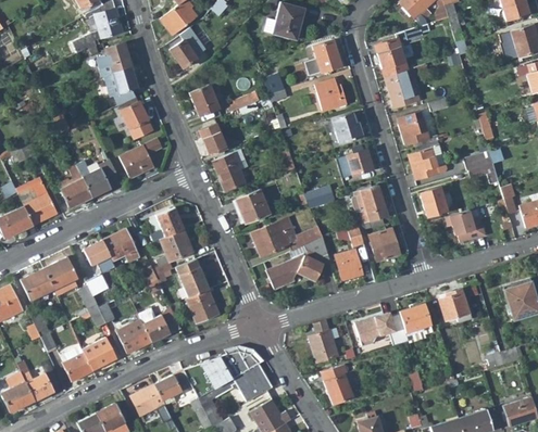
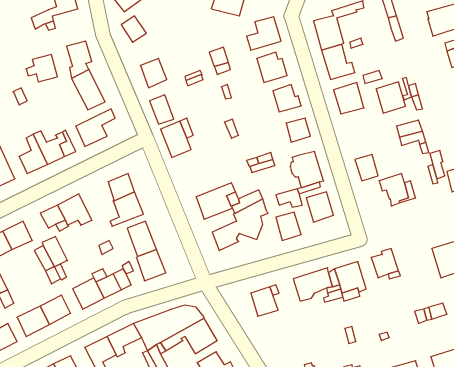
building: [98,42,132,72] -> [26,55,57,82]
building: [409,147,440,180] -> [376,82,405,113]
building: [235,190,268,224] -> none
building: [321,361,353,404] -> none

